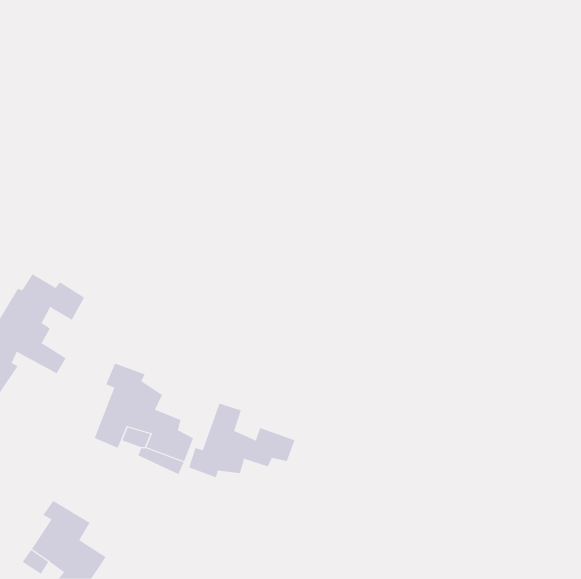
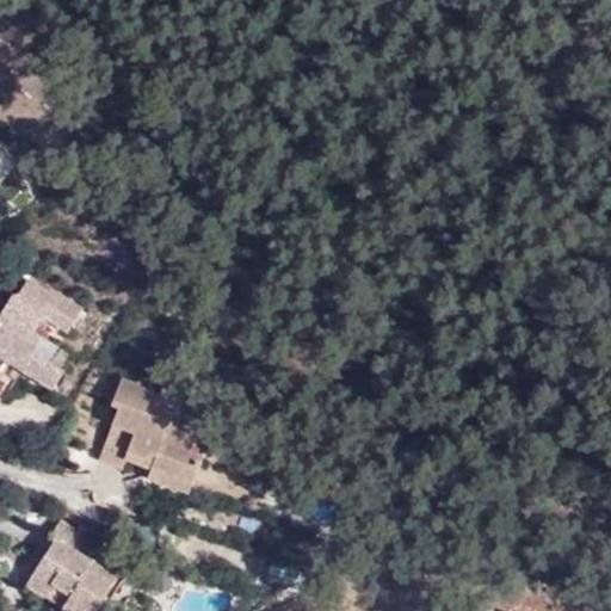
building: [188,403,295,478] -> none

